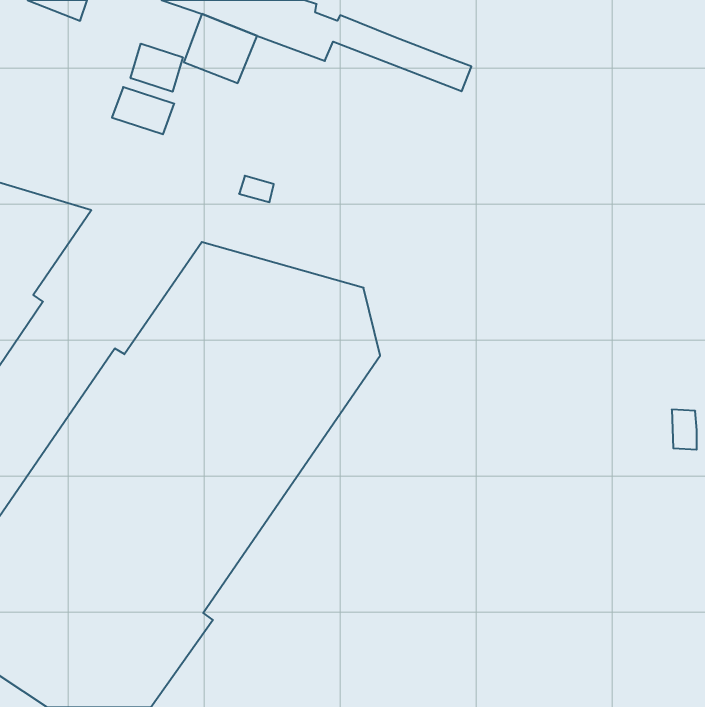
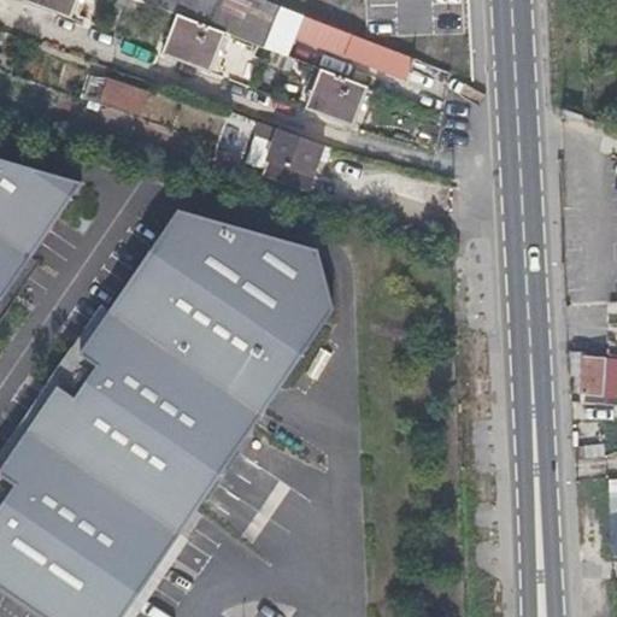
building: [131,44,183,92] -> none
building: none -> [304,67,365,127]
building: none -> [246,122,322,190]

